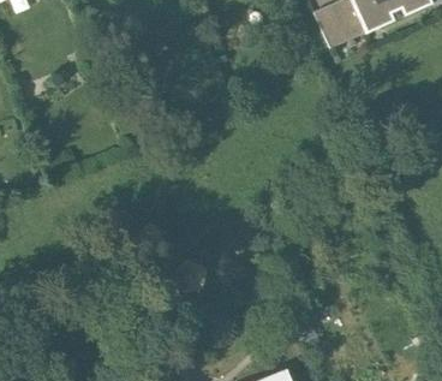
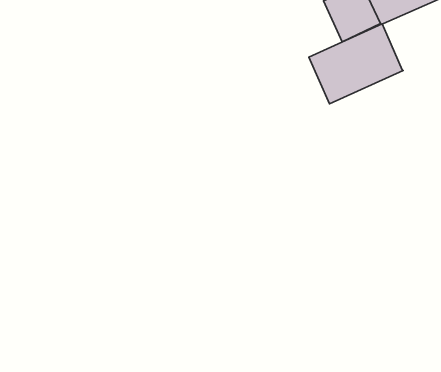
building: none -> [309,24,403,104]

